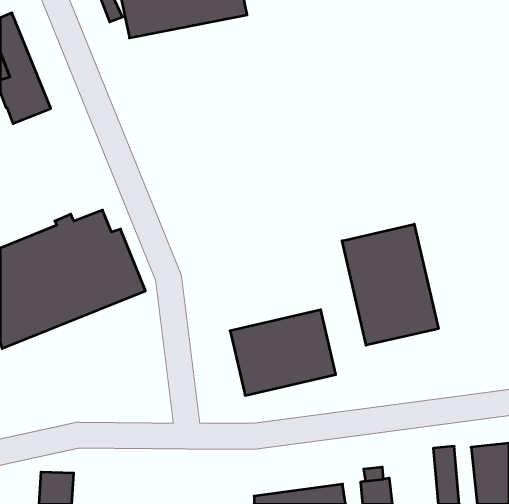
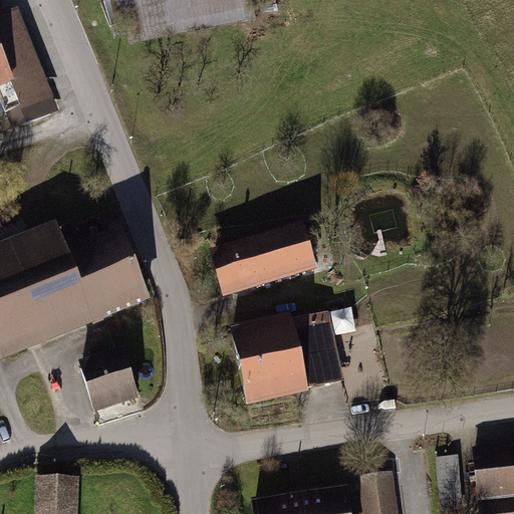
building: none -> [215,226,315,289]
building: [342,224,438,345] -> none
building: none -> [82,351,137,406]

